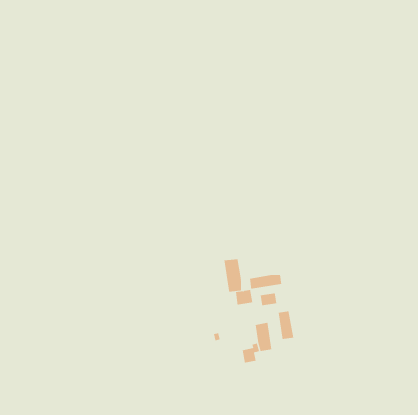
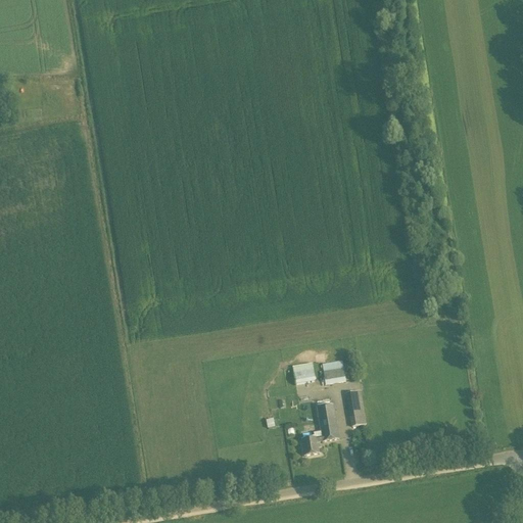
building: [224,258,244,292] -> none
building: [250,273,282,290] -> none

